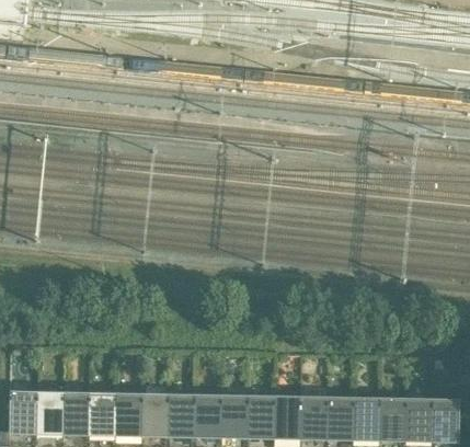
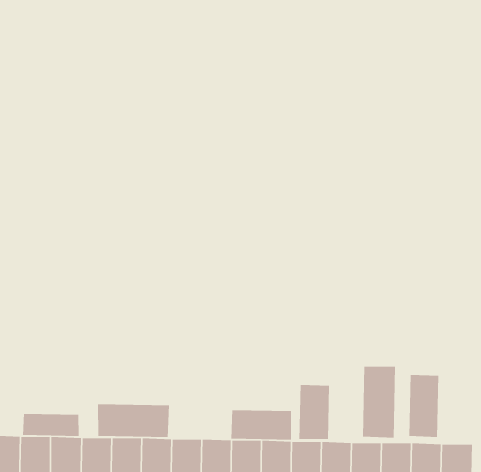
building: none -> [362,366,396,438]
building: none -> [408,374,439,438]
building: none -> [299,384,330,440]
building: none -> [97,404,170,438]
building: none -> [231,409,292,441]
building: none -> [22,413,79,437]

